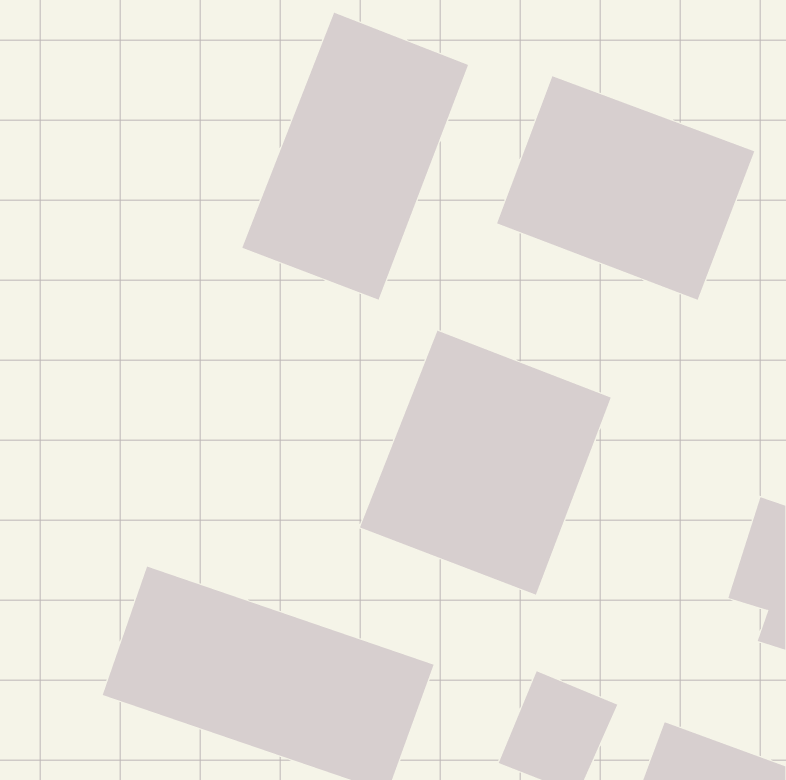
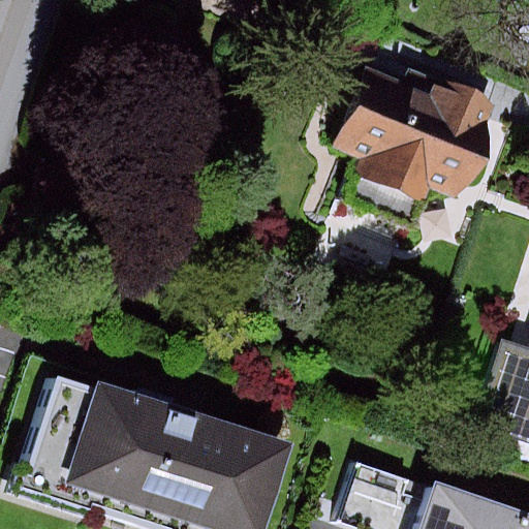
building: [242,12,469,300] -> none
building: [359,330,612,595] -> none

